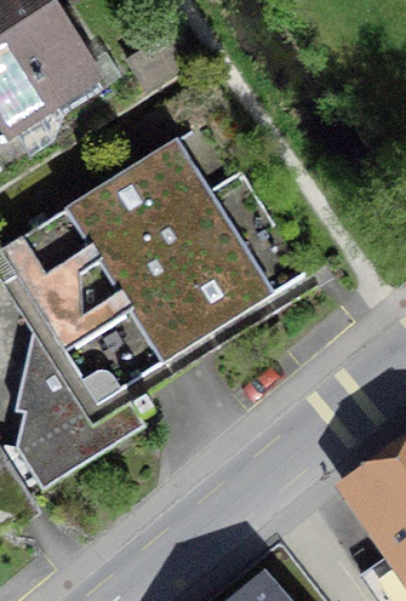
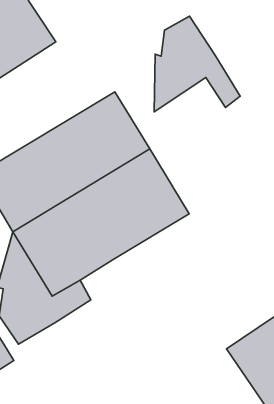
building: none -> [154,16,240,112]

